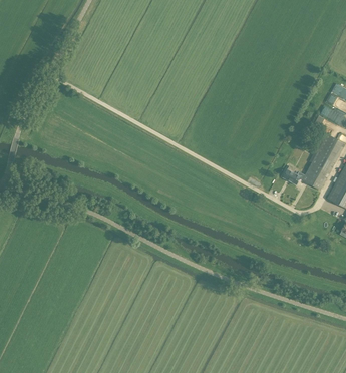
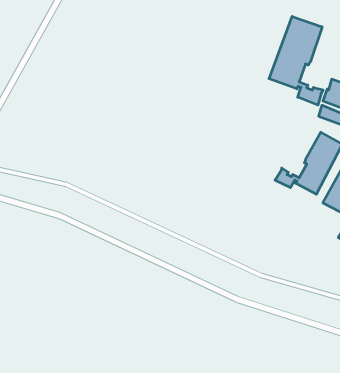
building: none -> [269,16,323,105]

